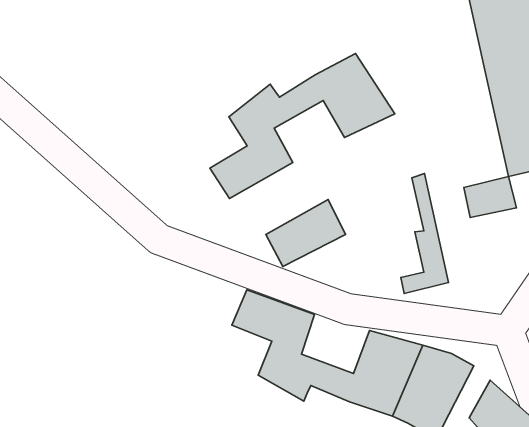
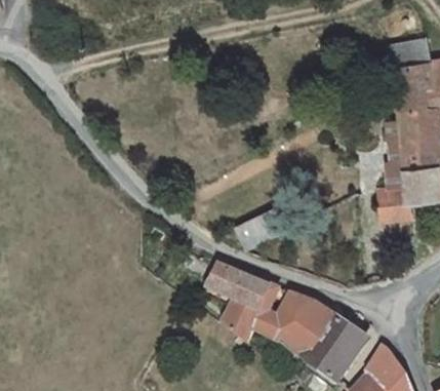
building: [210,53,395,198] -> none
building: [401,173,449,293] -> [375,123,408,205]
building: none -> [250,282,299,326]

